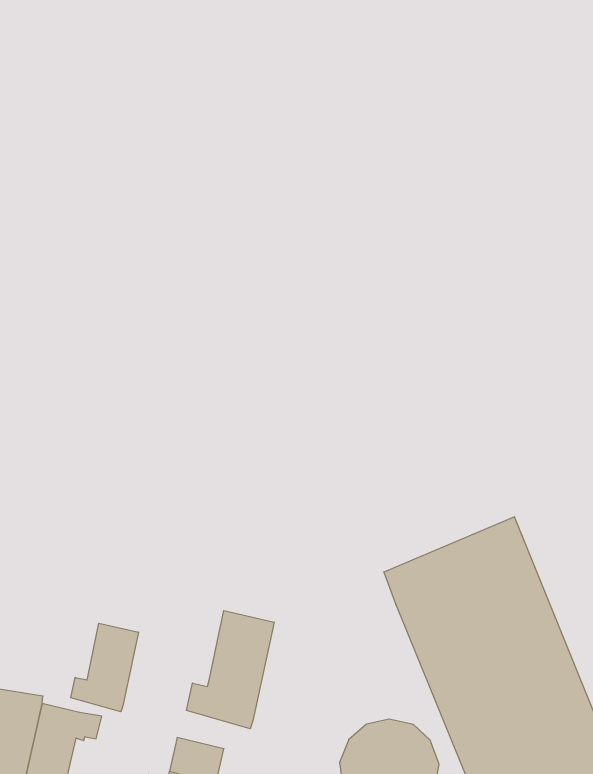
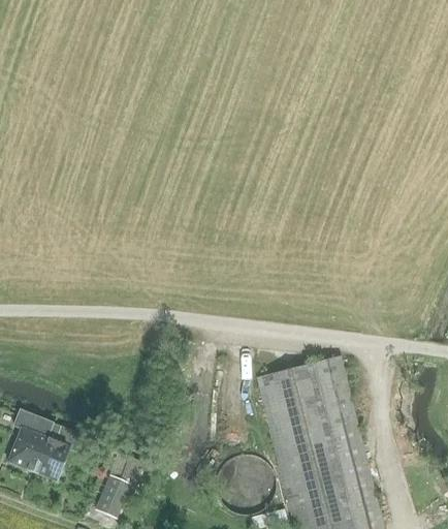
building: [186,611,274,729] -> none
building: [71,623,138,712] -> none

